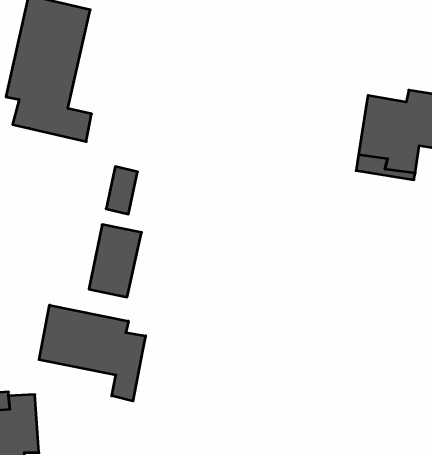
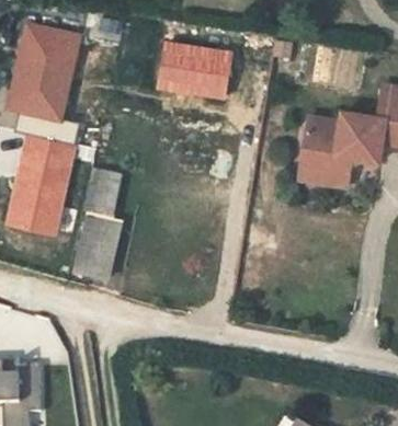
building: none -> [159,50,231,102]
building: none -> [10,137,76,232]
building: [39,305,146,401] -> none

